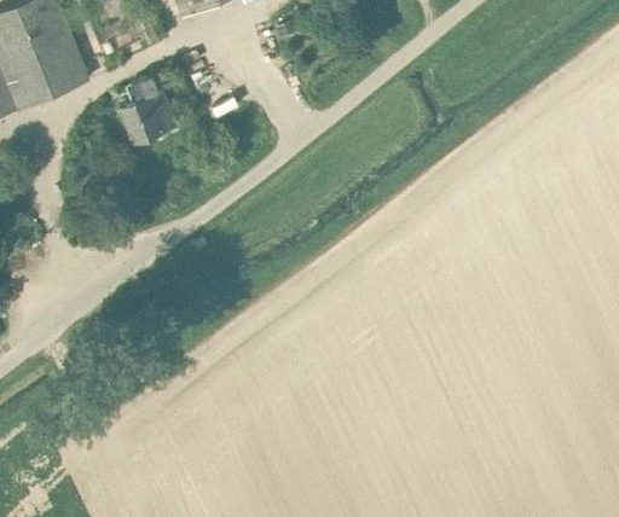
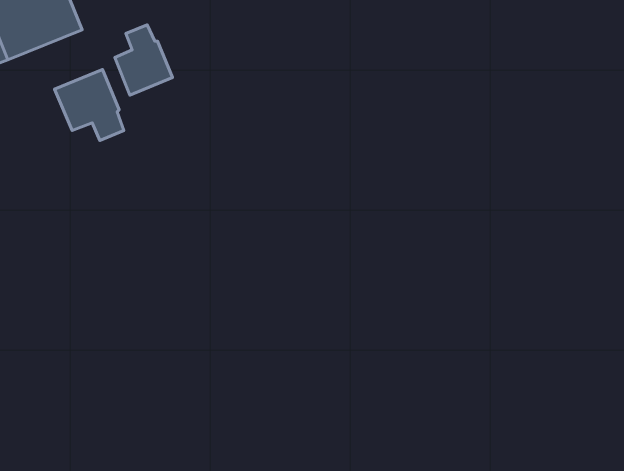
building: none -> [55,69,124,140]

